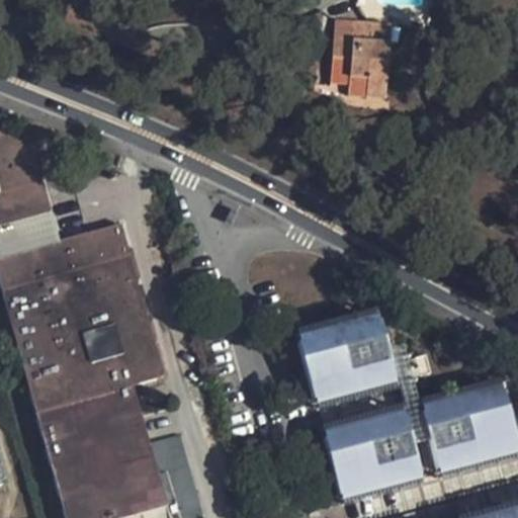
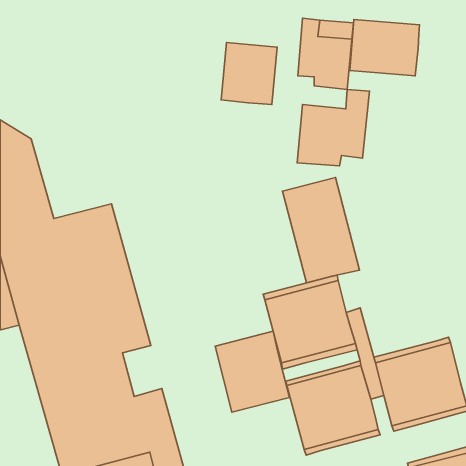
building: none -> [350,19,419,76]
building: none -> [221,42,277,104]
building: none -> [297,90,370,166]
building: none -> [283,177,360,283]
building: none -> [215,331,289,412]

